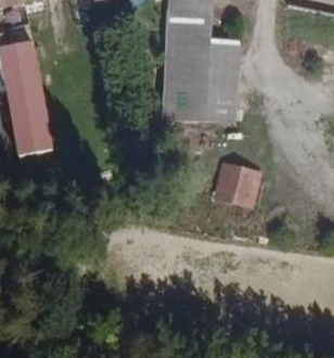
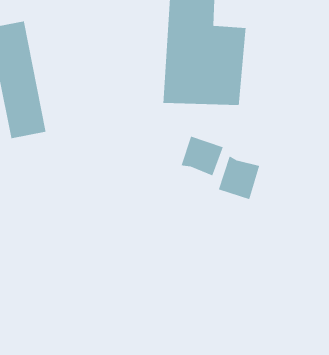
building: none -> [181,135,224,176]

